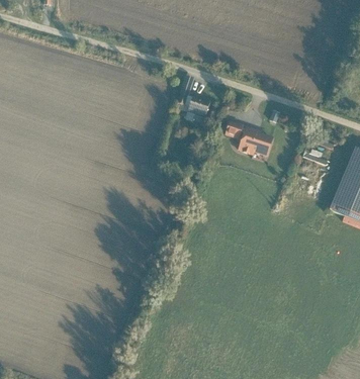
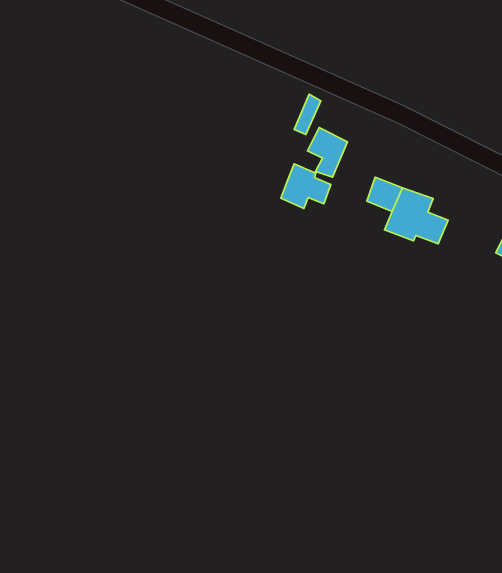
building: none -> [281,164,331,208]

